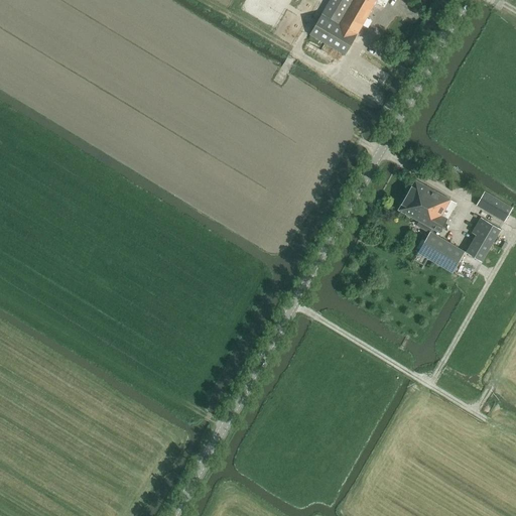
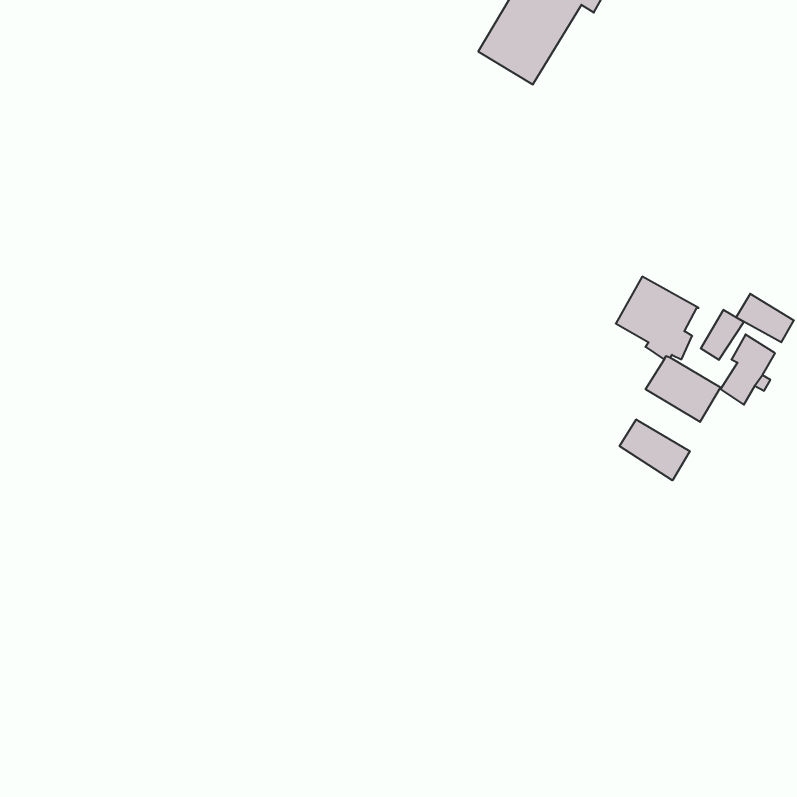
building: none -> [701,310,744,360]
building: none -> [620,419,690,480]

